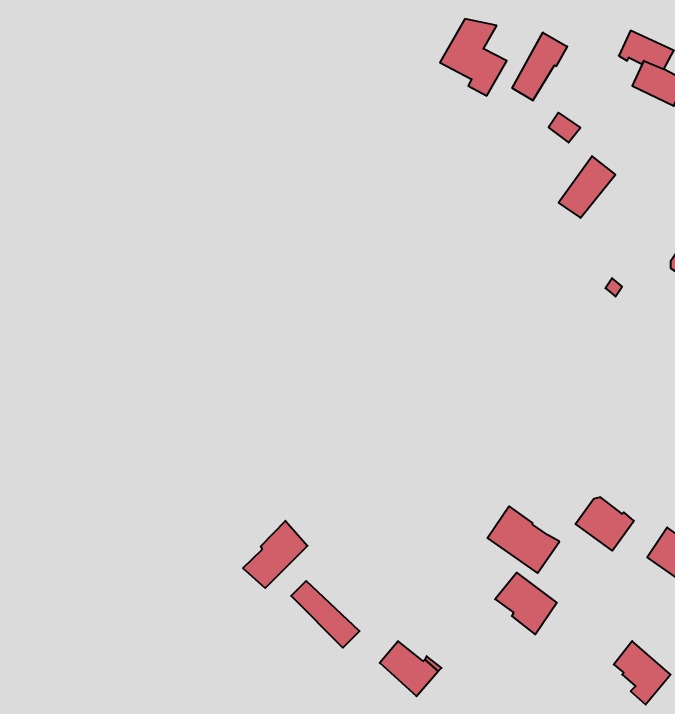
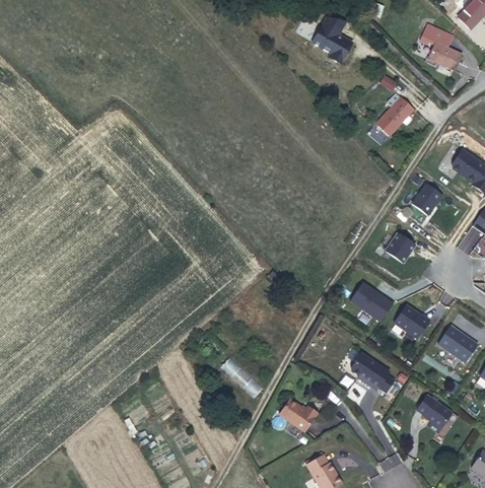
building: [512,32,567,101] -> none
building: none -> [412,183,443,215]
building: none -> [386,232,416,263]
building: [487,506,559,573] -> [350,281,394,322]
building: [243,521,308,588] -> none

